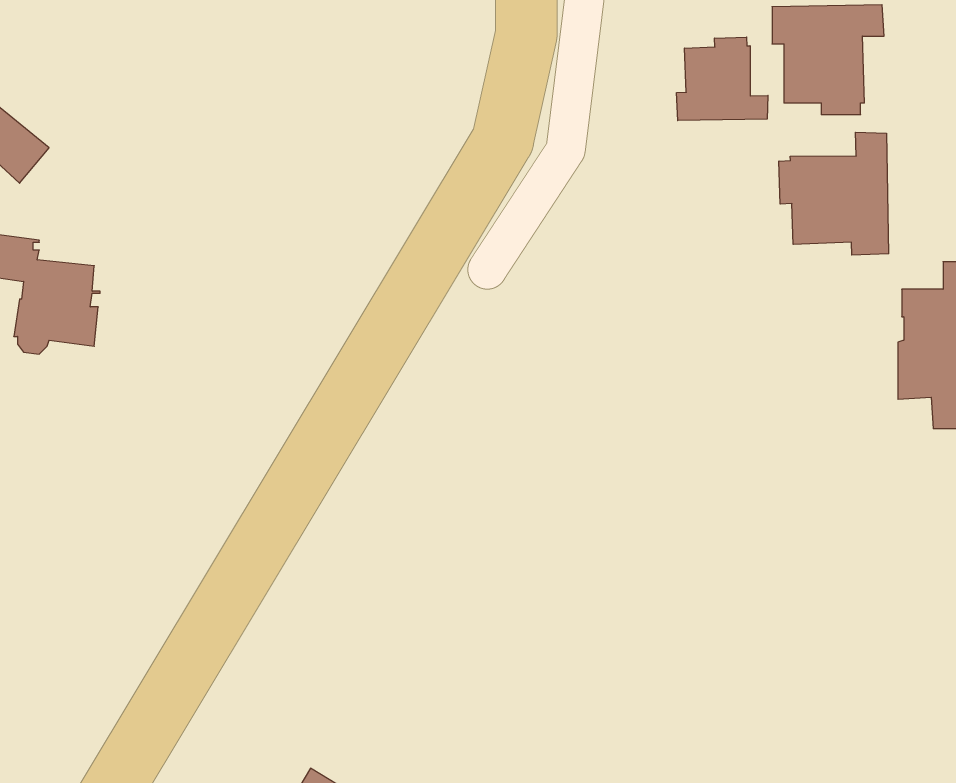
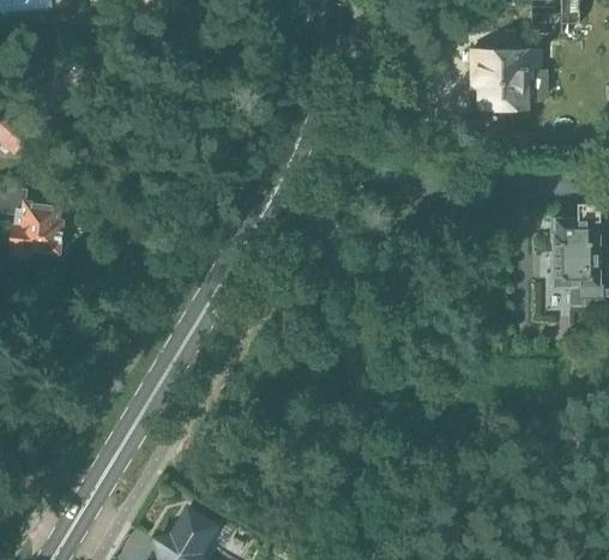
building: [677,37,768,121] -> none
building: [779,132,889,255] -> none

